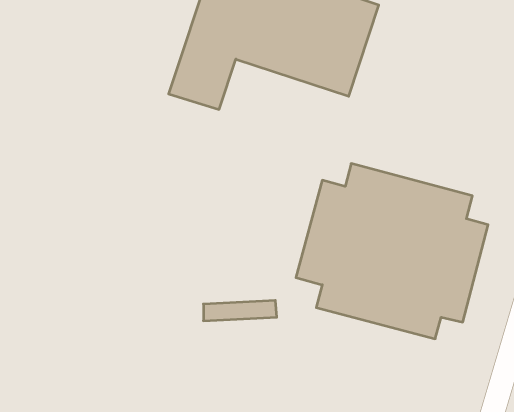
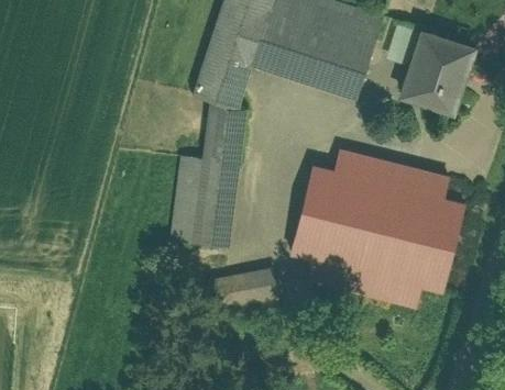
building: none -> [409,36,490,121]
building: none -> [165,97,242,243]

